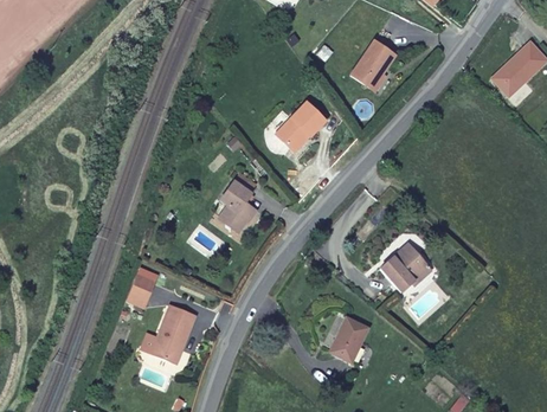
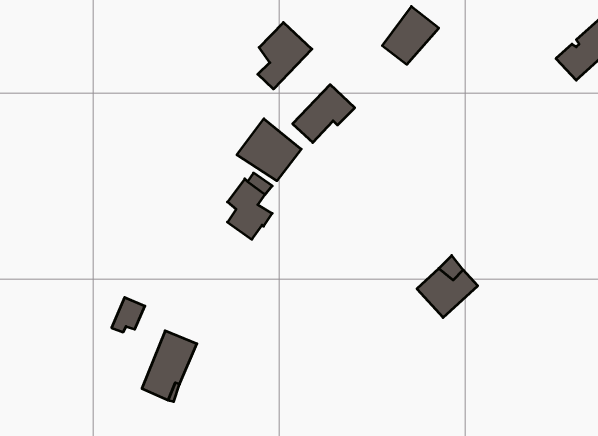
building: none -> [258,22,312,89]
building: none -> [237,119,301,181]
building: [328,318,369,363] -> none

